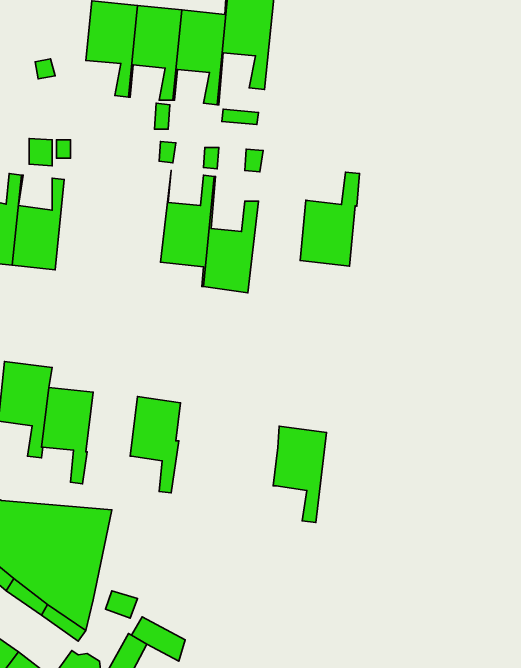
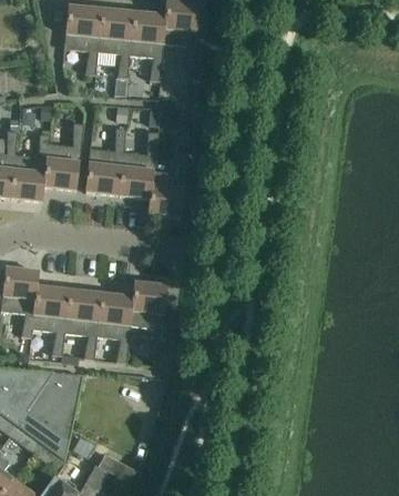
building: none -> [41,122,83,200]
building: none -> [84,126,125,194]
building: [300,172,359,266] -> none
building: none -> [63,289,101,358]
building: [273,426,327,523] -> [129,281,167,351]

